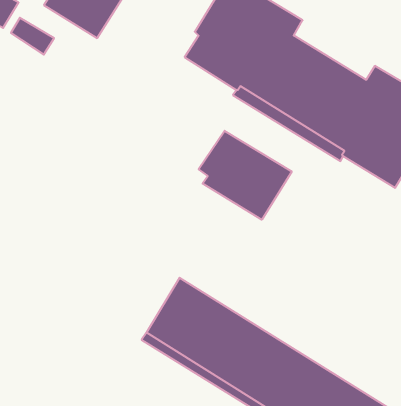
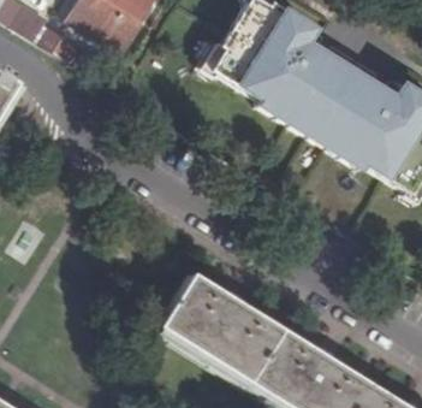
building: [199,131,292,220] -> none

